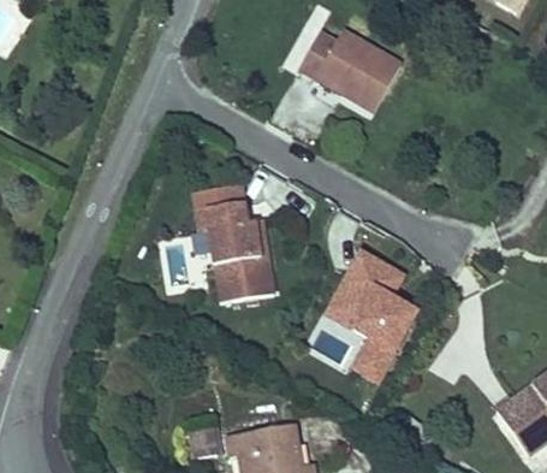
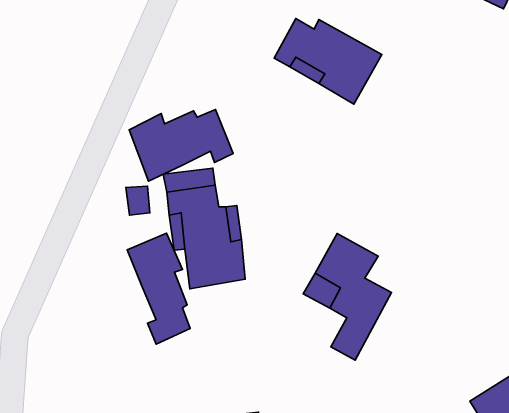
building: none -> [129,110,233,181]
building: none -> [127,233,190,344]

